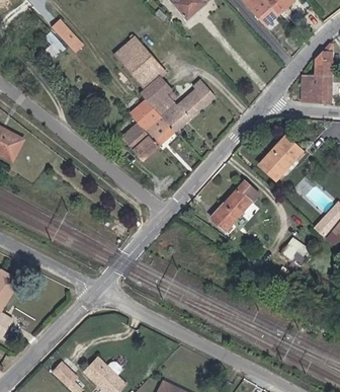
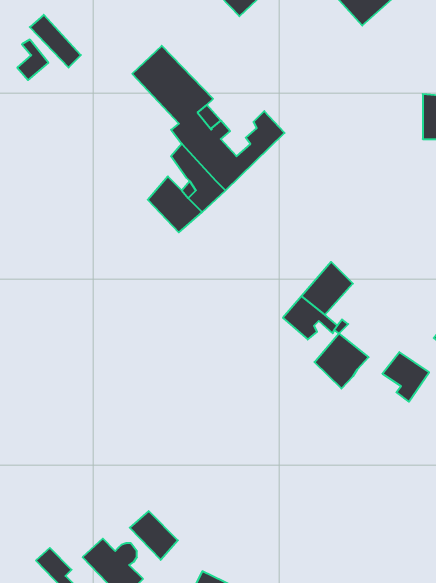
building: [262,131,306,174] -> none
building: none -> [314,333,369,389]
building: none -> [130,511,178,560]

